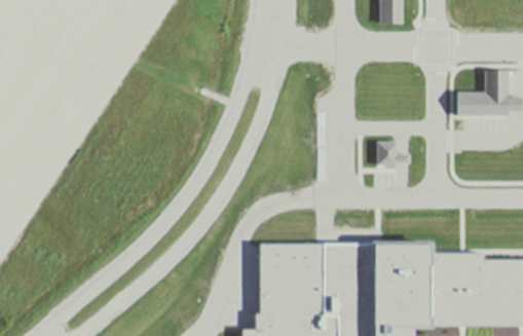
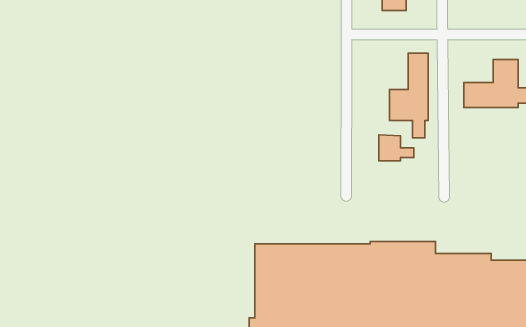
building: none -> [390,53,428,138]

